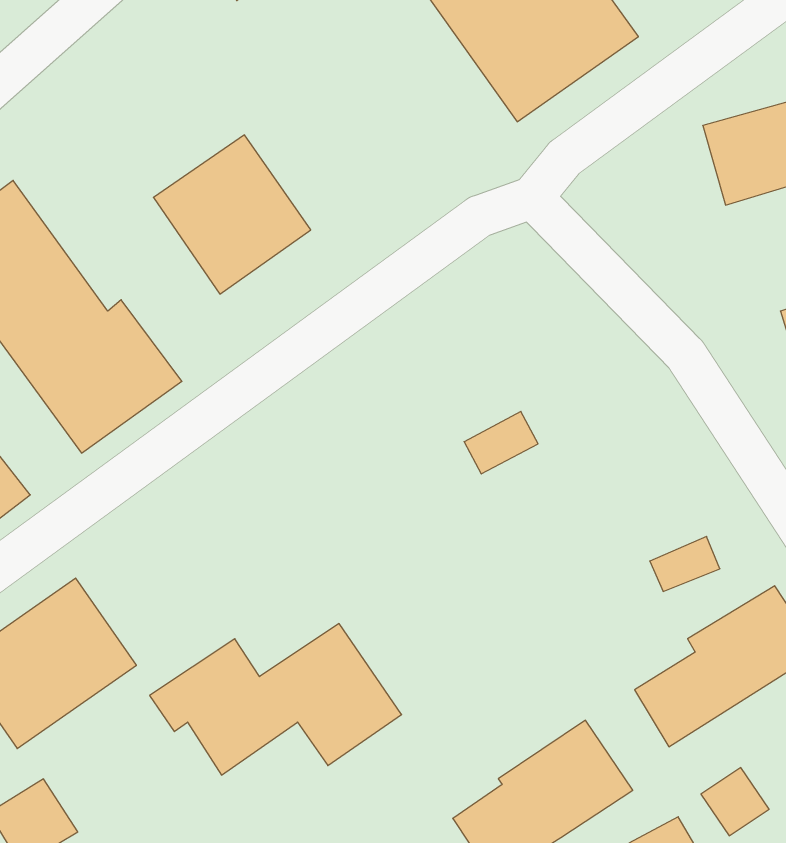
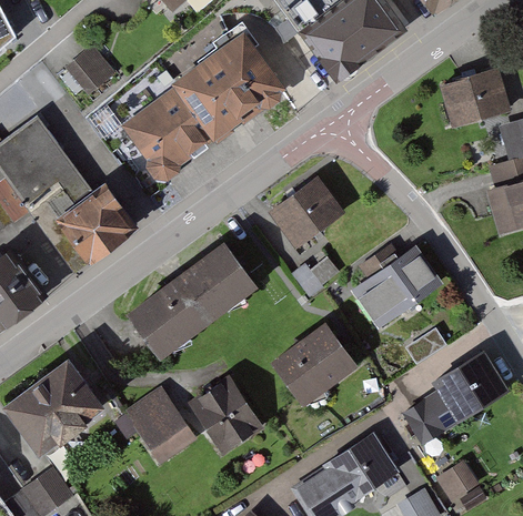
building: none -> [168,32,289,151]
building: none -> [68,45,118,95]
building: none -> [272,173,348,245]
building: none -> [354,239,446,323]
building: none -> [122,243,254,358]
building: none -> [268,323,356,408]

